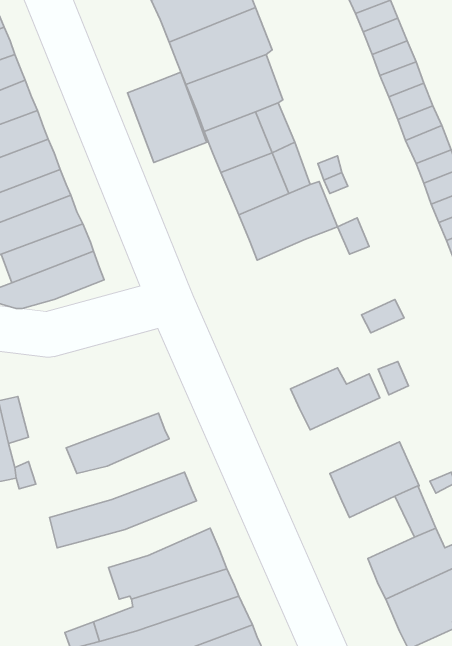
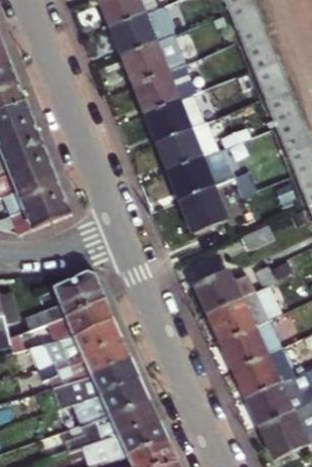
building: [127,72,207,163] -> none
building: none -> [175,185,220,230]
building: none -> [30,270,110,329]
building: none -> [210,290,270,341]
building: none -> [31,318,127,370]
building: none -> [237,356,280,397]
building: none -> [57,359,144,407]

